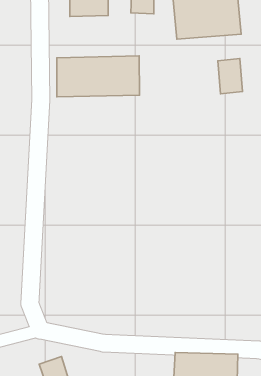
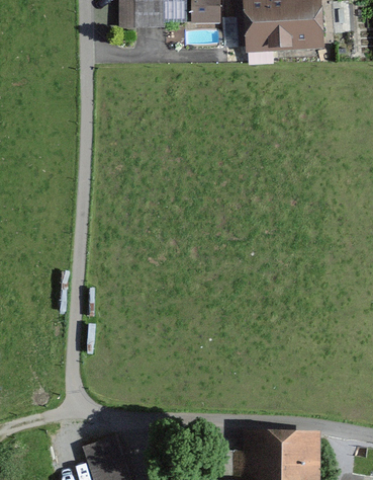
building: [57,56,139,97] -> none
building: [218,59,242,94] -> none

